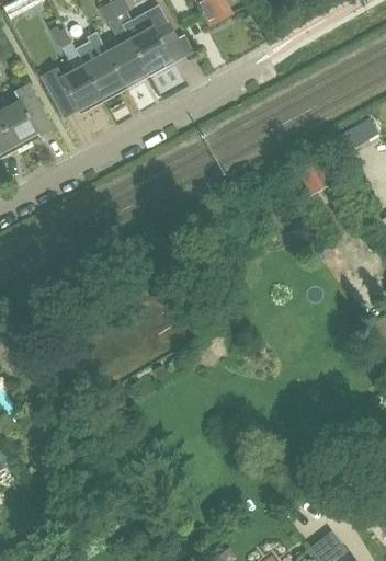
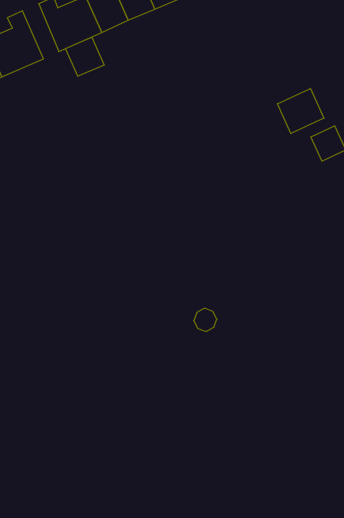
building: none -> [66,37,104,76]
building: none -> [277,88,324,134]

